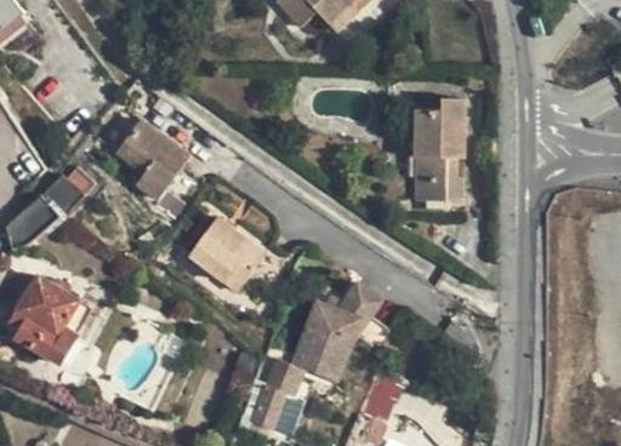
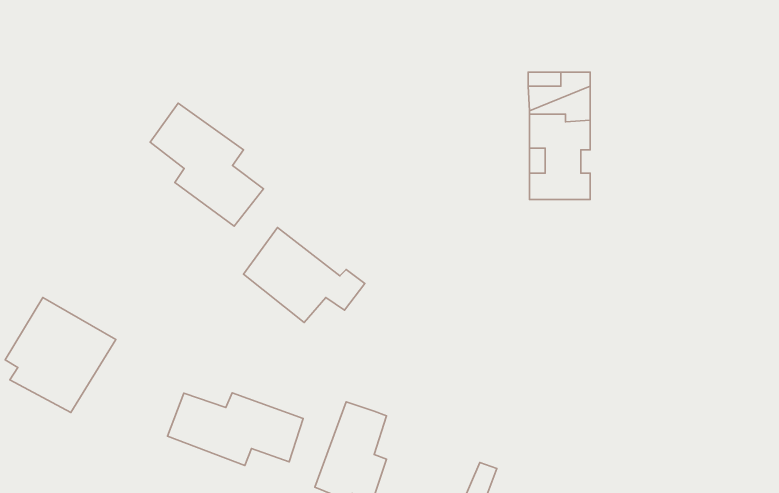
building: [7,167,92,248] -> none
building: [292,281,381,381] -> none
building: none -> [167,393,303,465]

